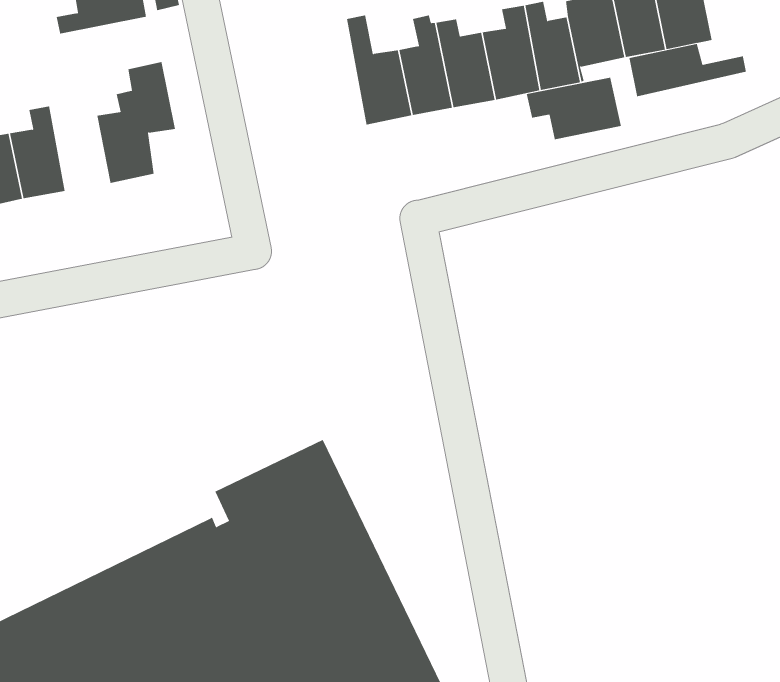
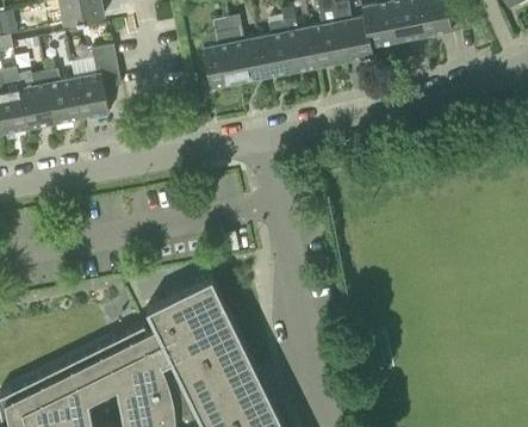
building: none -> [203,18,238,89]
building: [629,43,747,97] -> none
building: [526,77,621,140] -> none
building: none -> [44,69,81,124]

